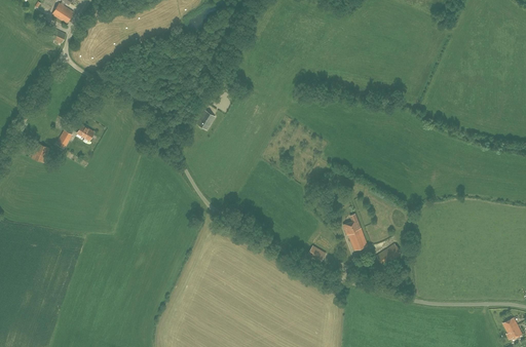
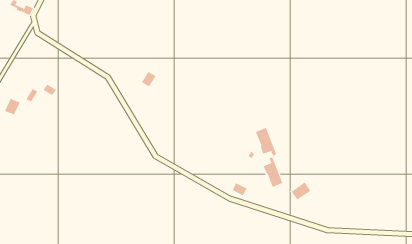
building: none -> [255,127,277,157]

